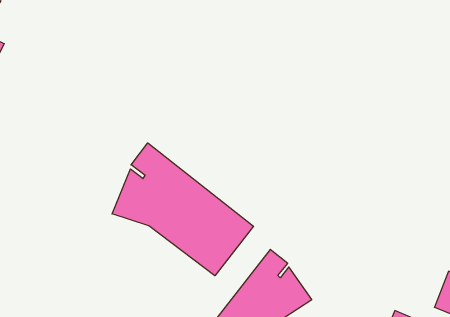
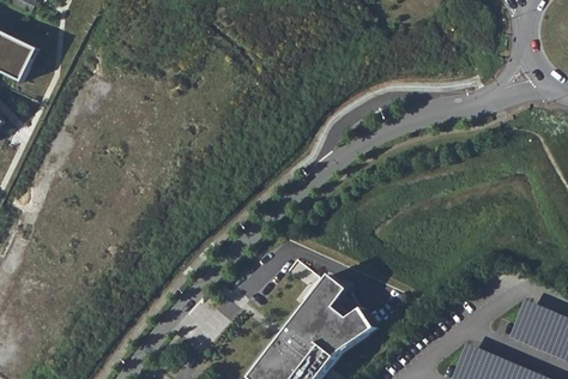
building: [112,143,254,276] -> none

